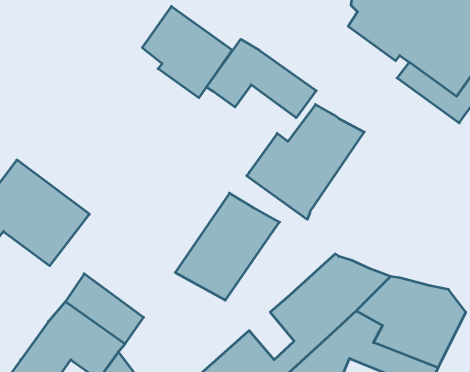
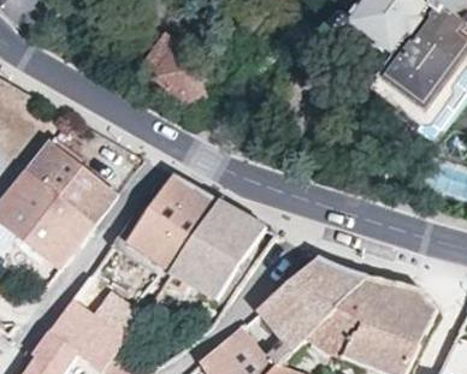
building: [206,39,316,118] -> none
building: [247,104,364,219] -> [114,176,221,280]
building: none -> [28,142,116,220]

